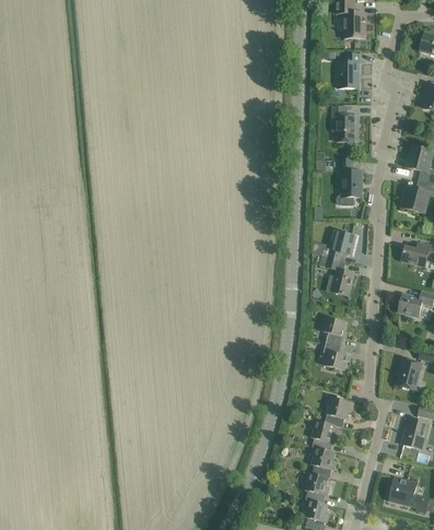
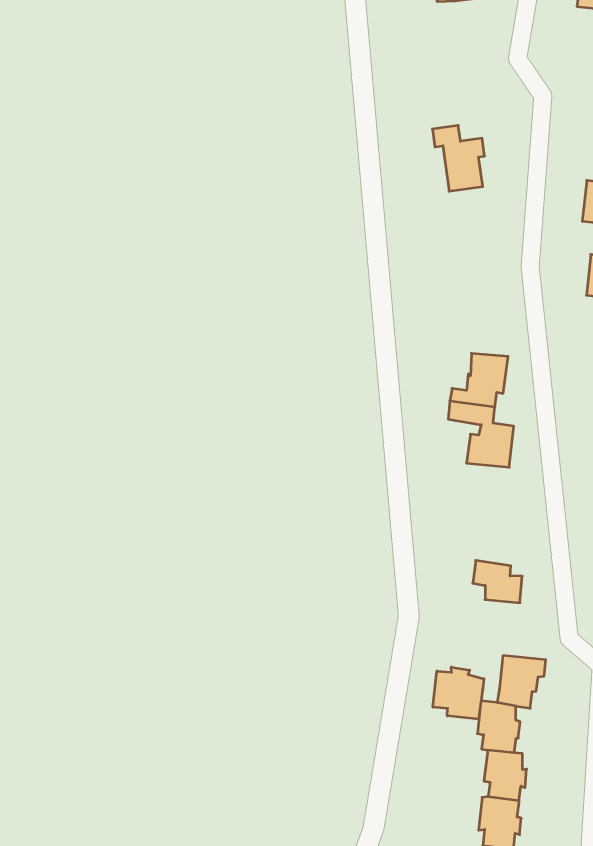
building: [337,54,360,87] -> none
building: [337,158,362,204] -> none
building: [324,317,345,349] -> none
building: none -> [433,667,484,719]

